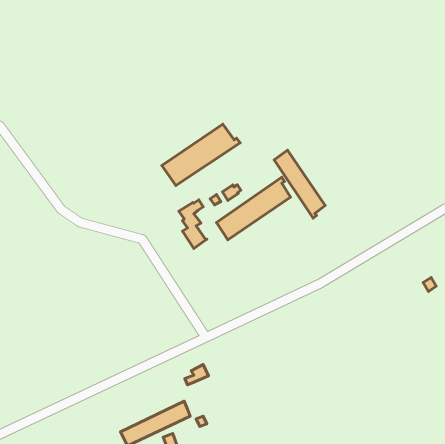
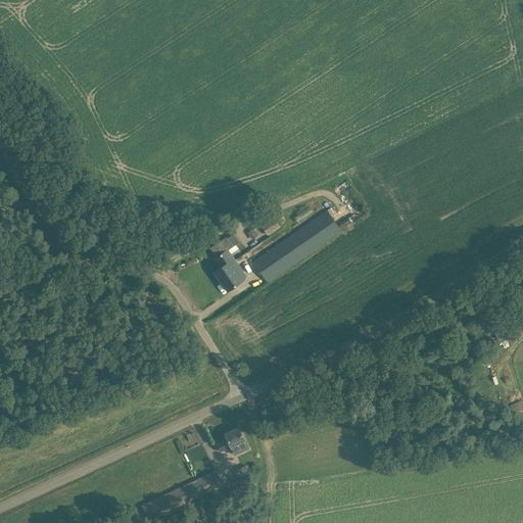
building: [162,124,240,186] -> none
building: [274,150,325,218] -> none

